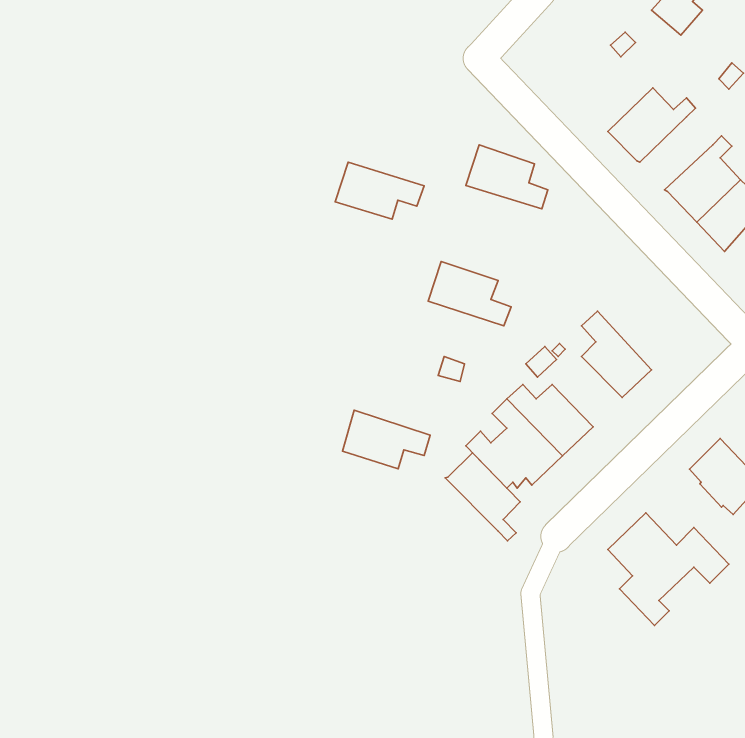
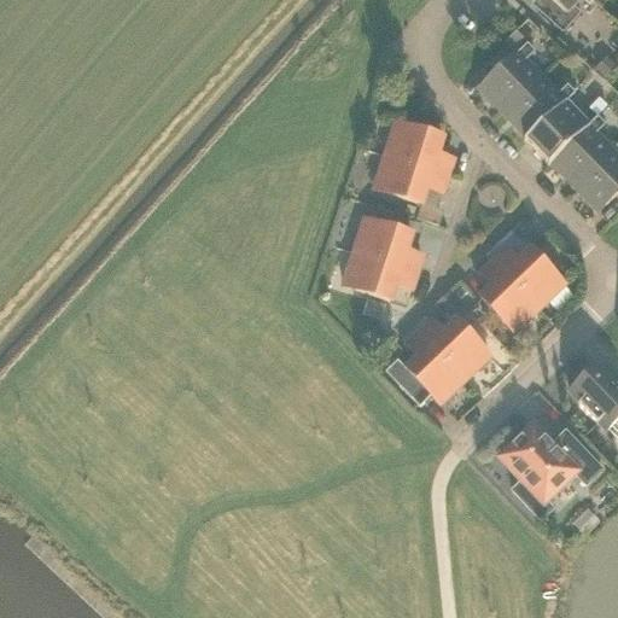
building: none -> [480,39,541,109]
building: none -> [525,97,590,162]
building: [335,162,424,219] -> [375,153,449,200]
building: none -> [495,245,565,305]
building: [342,410,430,469] -> [345,249,418,297]
building: [445,453,520,541] -> none

